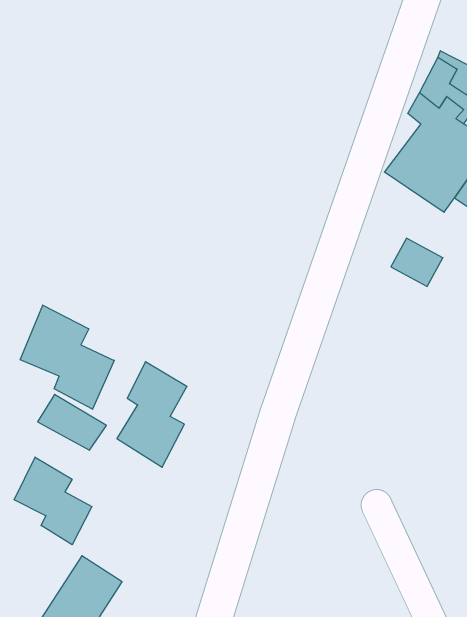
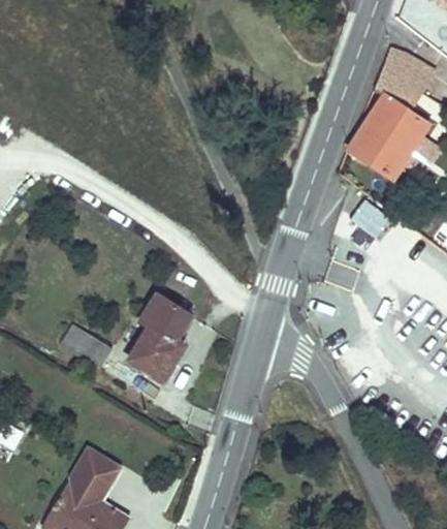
building: [20,305,114,409] -> none
building: [14,457,92,545] -> none

